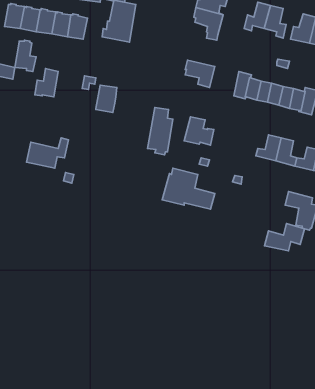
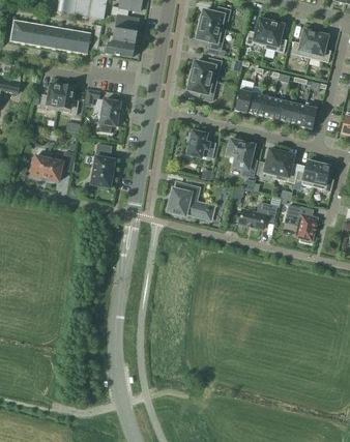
building: [15,40,36,72] -> [58,84,79,115]
building: none -> [189,58,222,81]
building: [148,108,173,155] -> [90,144,115,190]
building: none -> [227,139,257,178]
building: [264,224,304,251] -> [237,202,276,229]

